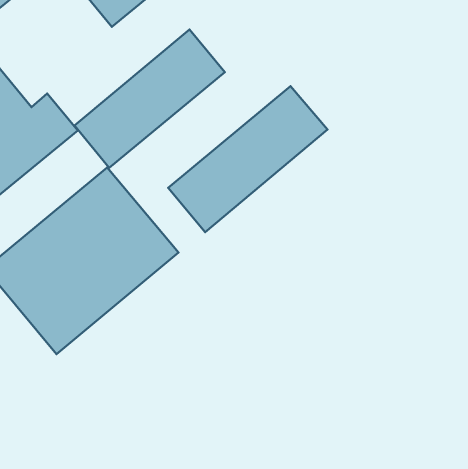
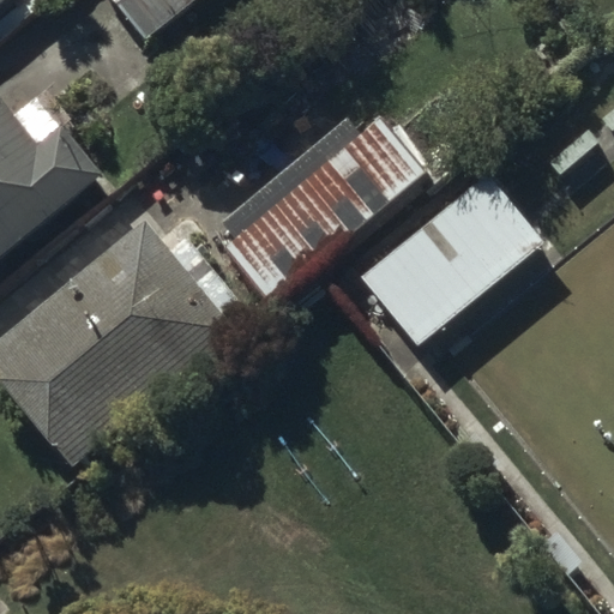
building: [74,30,225,168] -> none
building: none -> [365,183,541,351]

